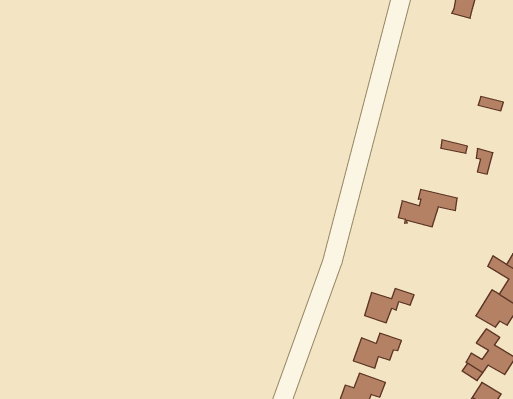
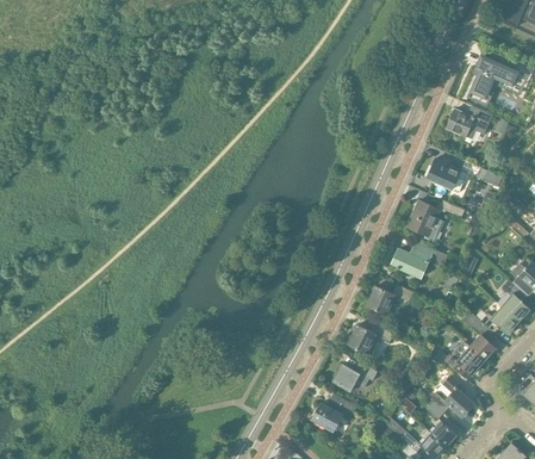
building: none -> [447,108,493,139]
building: none -> [428,159,465,192]
building: none -> [409,201,444,242]
building: none -> [368,285,413,315]

